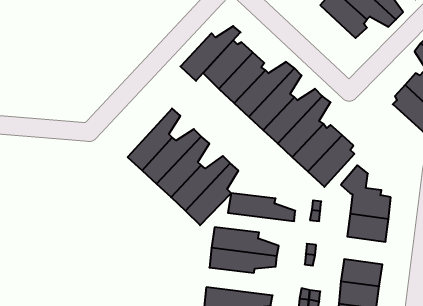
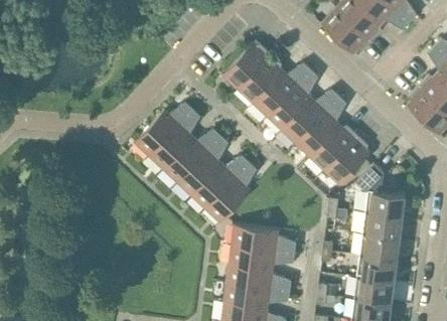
building: none -> [321,9,370,54]
building: [180,26,241,81] -> [134,104,192,157]
building: [228,193,295,221] -> [226,265,291,292]
building: none -> [359,234,400,262]

